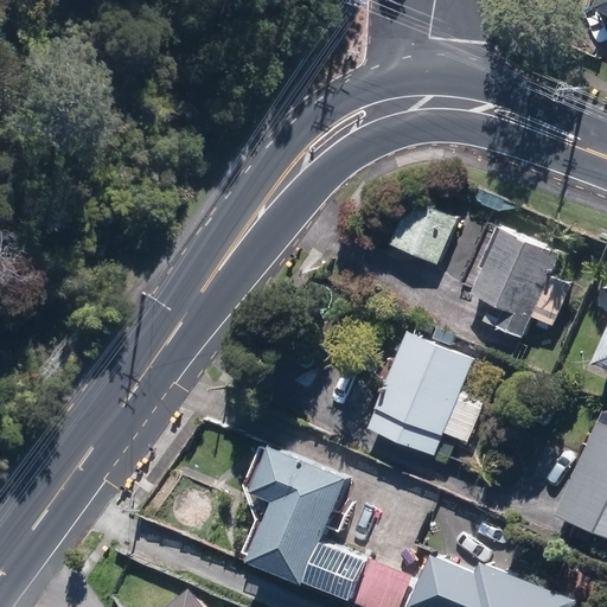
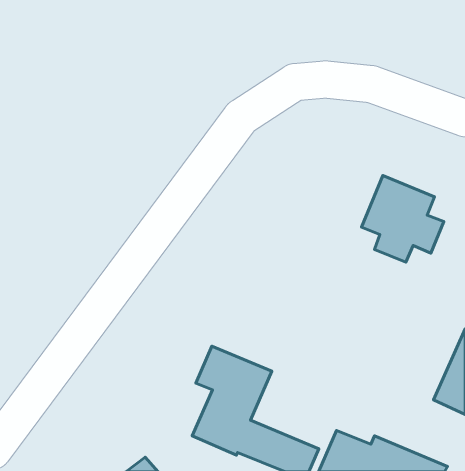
building: [385,198,454,267] -> none
building: [363,331,480,459] -> none

